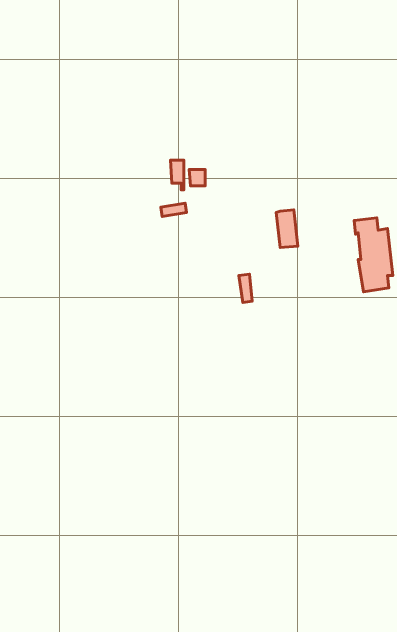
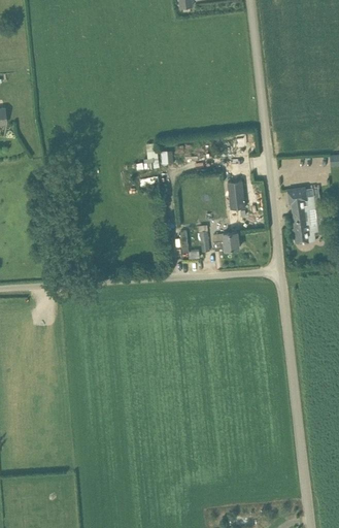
building: none -> [213,232,238,251]

